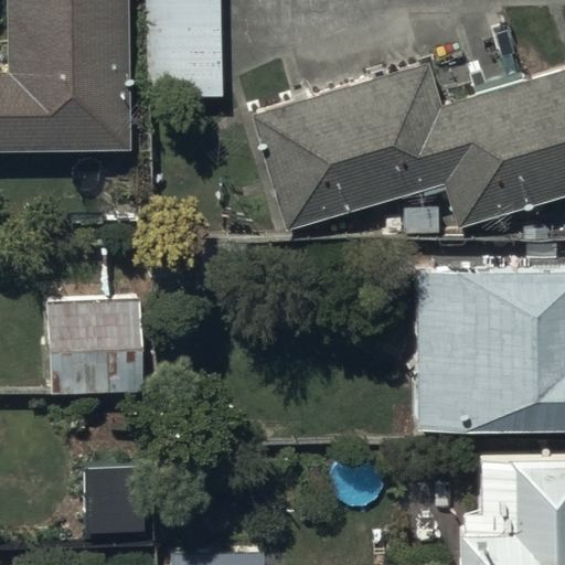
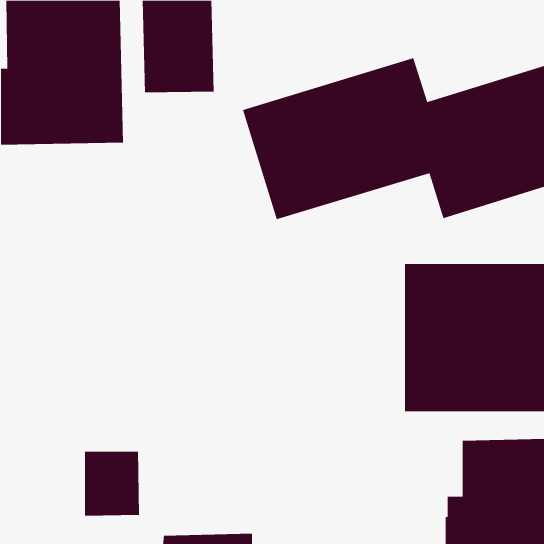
building: [49,300,141,391] -> none

